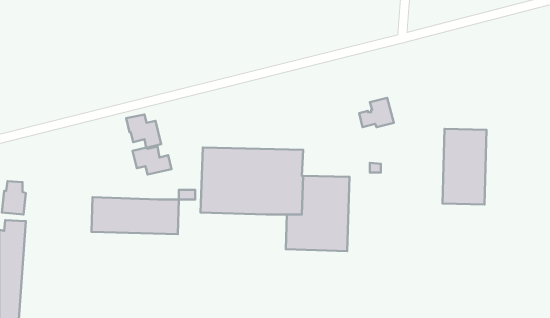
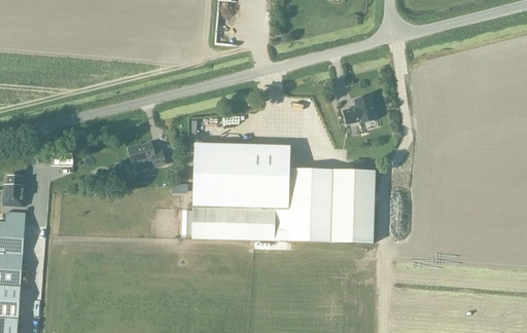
building: [126,114,161,148] -> none
building: [442,129,487,204] -> [332,170,375,242]
building: [92,197,179,234] -> [191,203,275,238]

